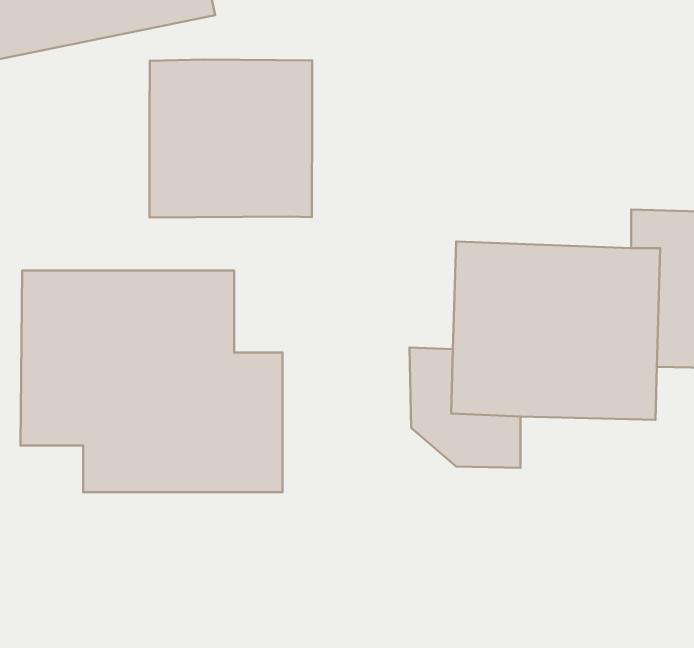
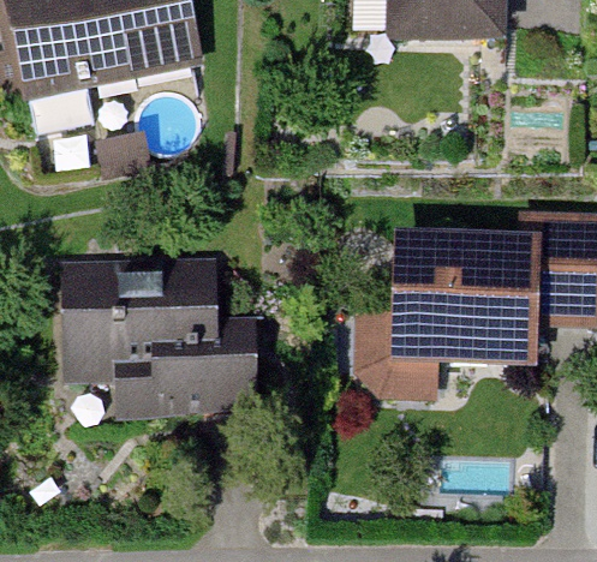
building: [149,60,312,218] -> none

